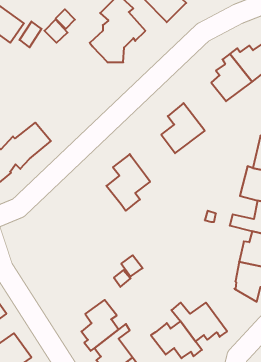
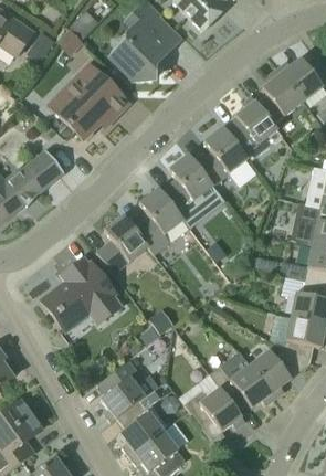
building: none -> [49,63,128,137]
building: none -> [224,95,278,158]
building: none -> [160,154,212,226]
building: none -> [95,214,148,274]
building: none -> [41,256,122,332]
building: none -> [249,347,309,398]

